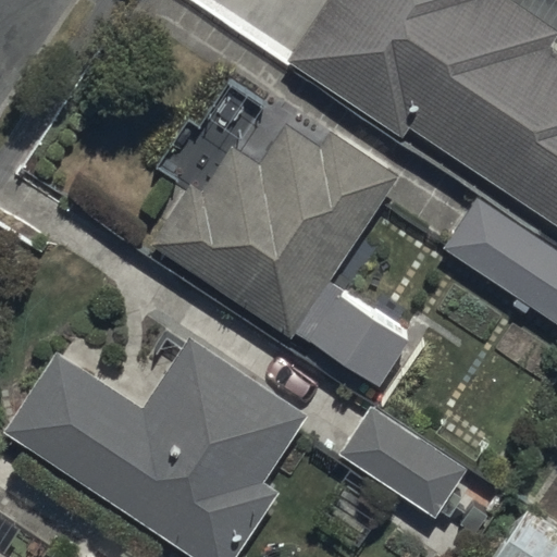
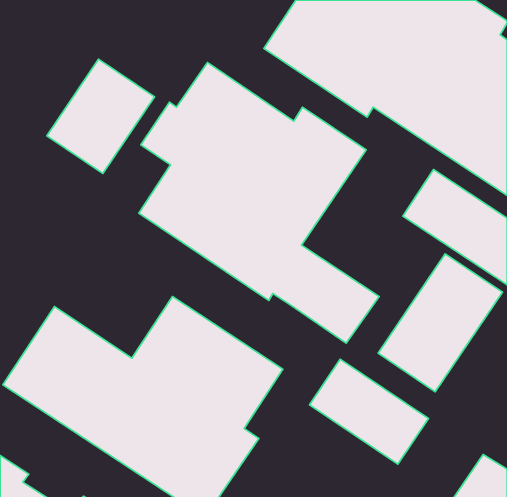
building: none -> [47,59,155,174]
building: none -> [378,254,502,392]

